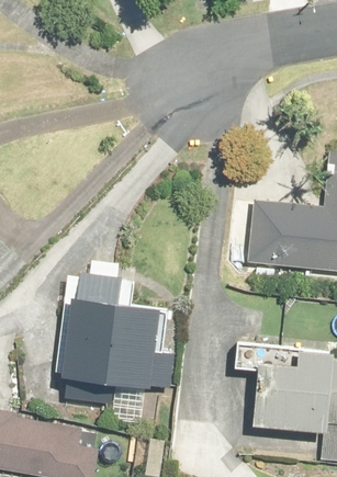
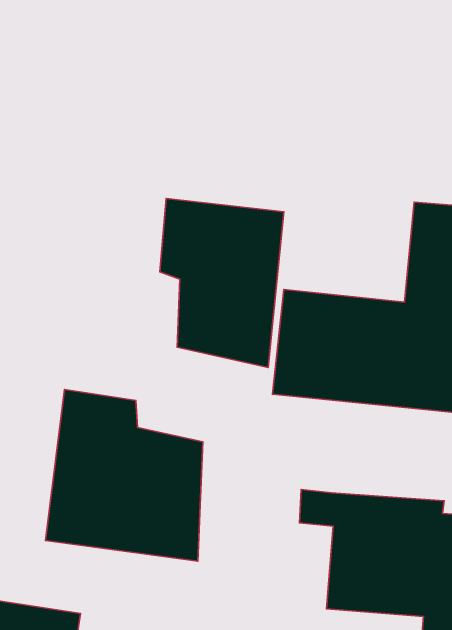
building: none -> [160,199,284,368]

